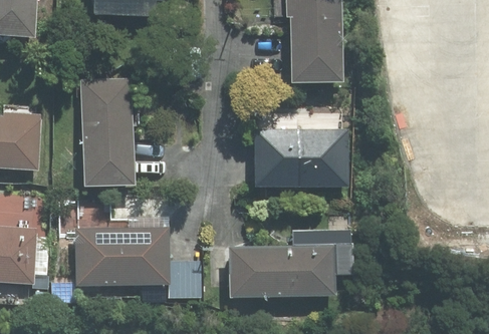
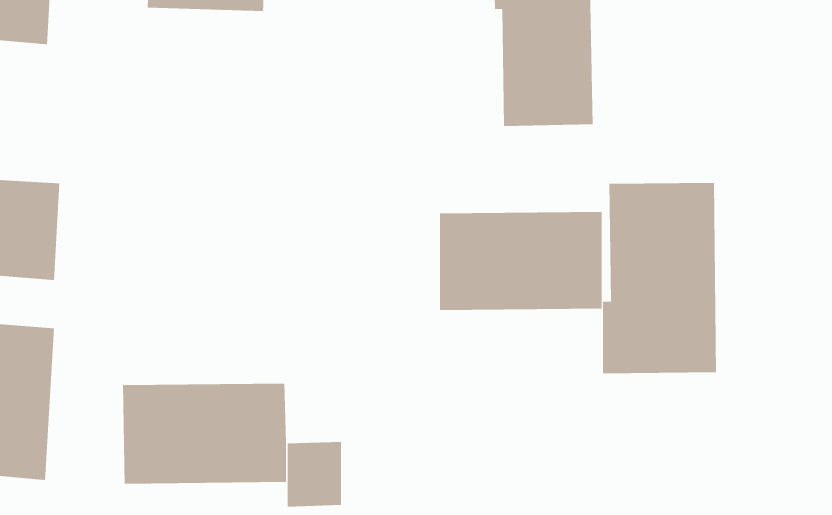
building: [83,79,134,185] -> none
building: none -> [602,182,717,374]
building: [231,246,335,296] -> none

